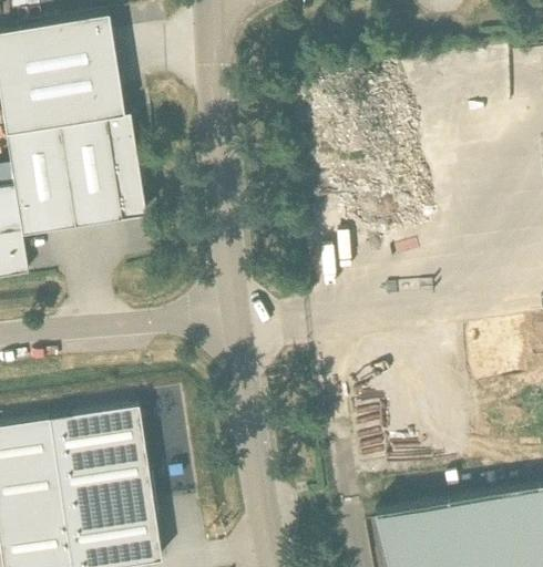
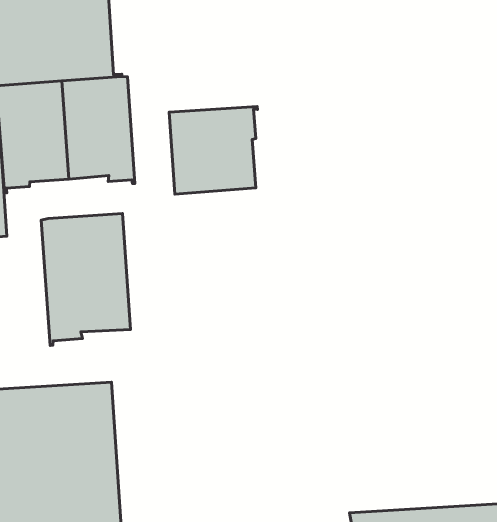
building: none -> [169,107,258,194]
building: none -> [41,214,131,346]

